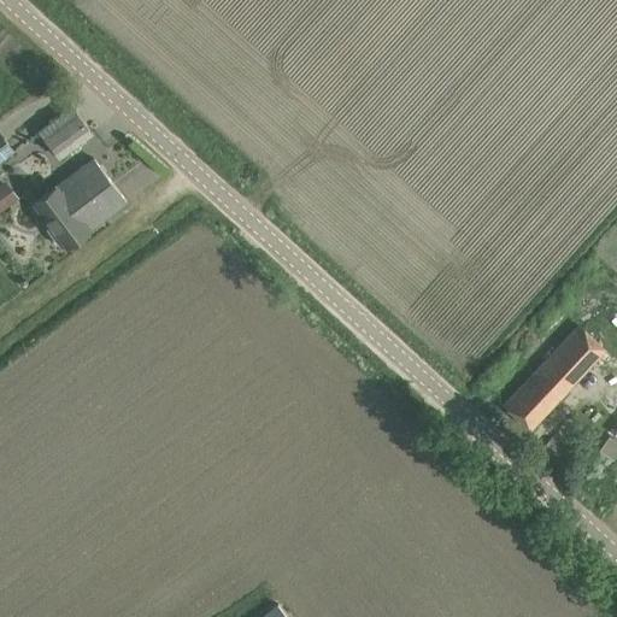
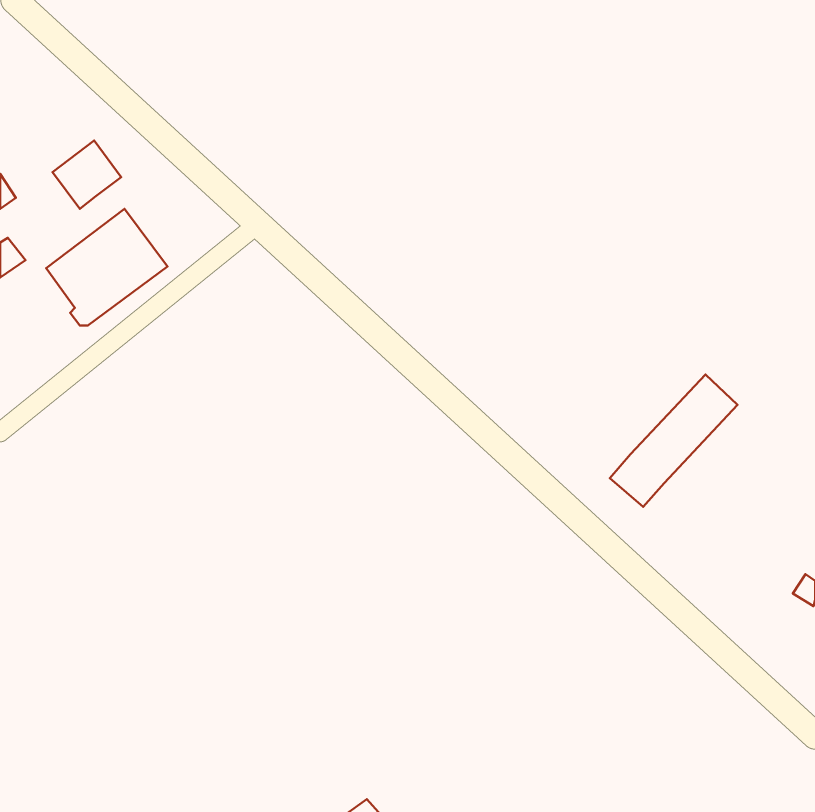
building: [505,329,601,429] -> [610,375,737,507]

